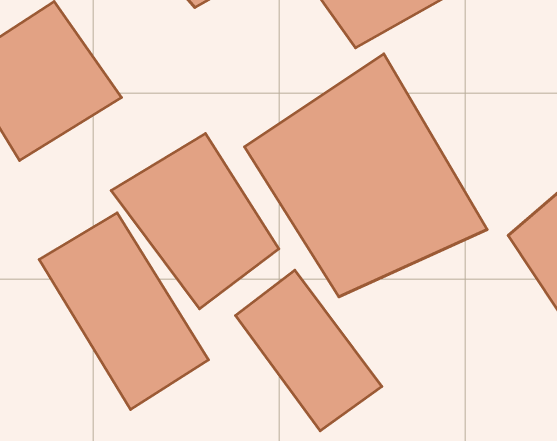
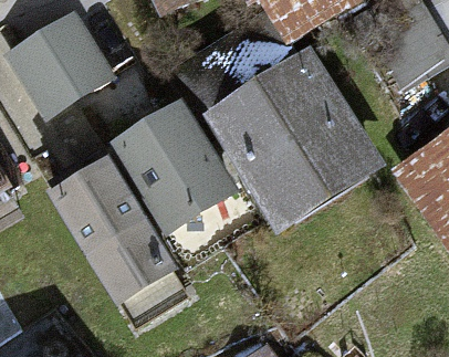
building: [235,270,382,431] -> none

